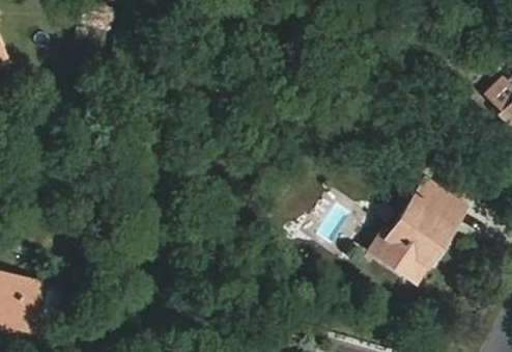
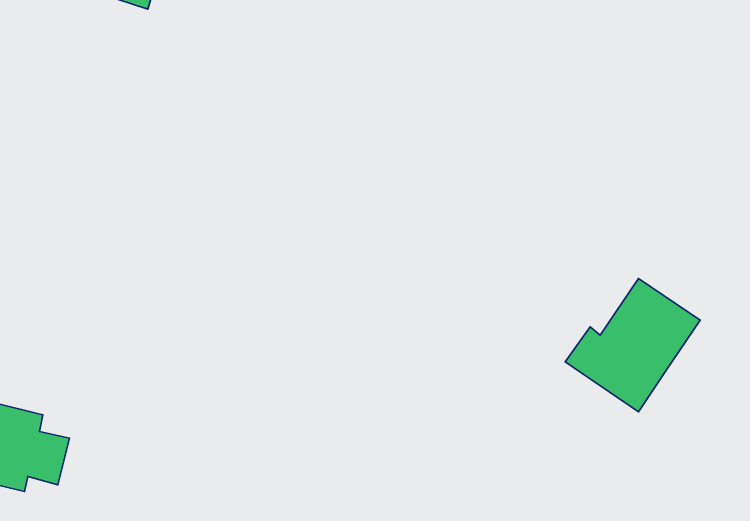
building: [415,180,464,223] -> none

